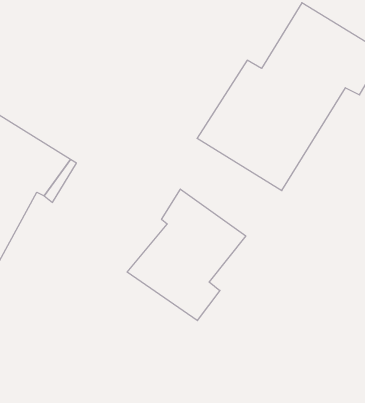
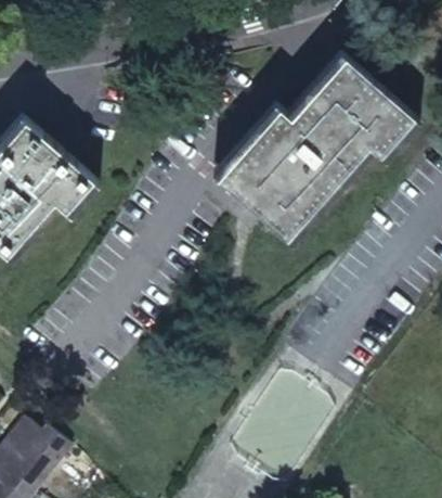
building: [127,189,246,321] -> none

